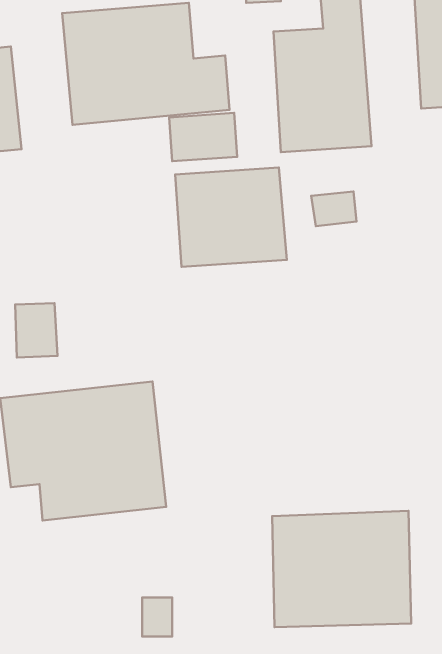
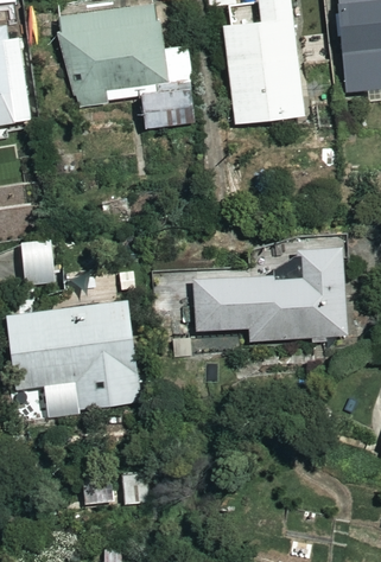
building: [175,167,287,267] -> none
building: none -> [195,243,348,338]
building: [272,511,411,627] -> none

